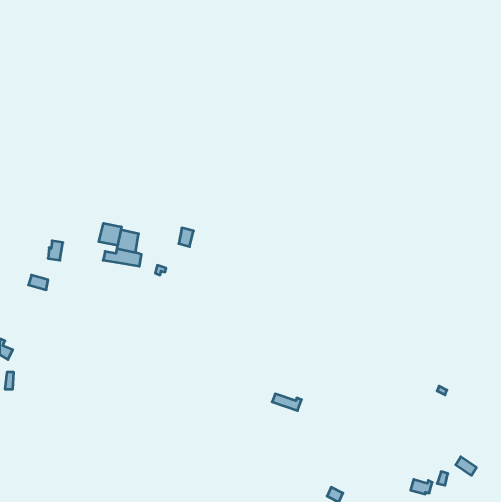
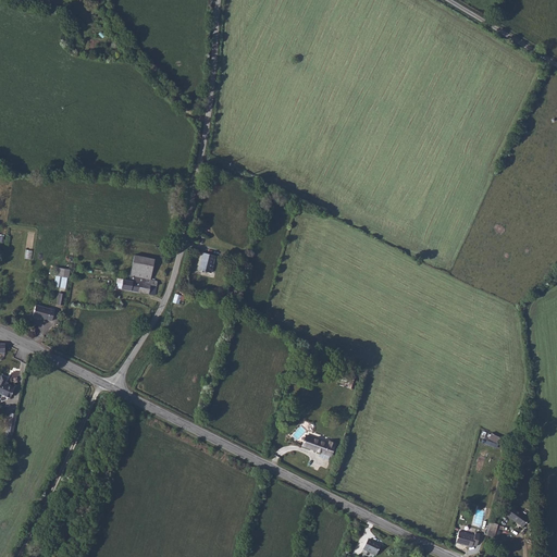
building: [99,223,121,246] -> none

